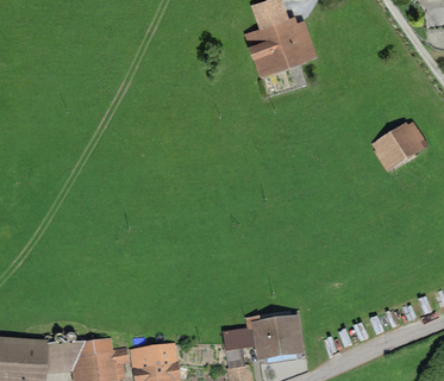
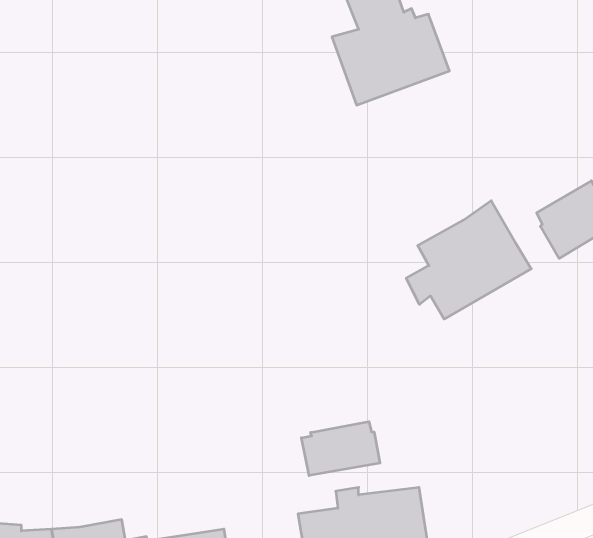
building: none -> [406,201,531,319]
building: none -> [301,422,380,476]

